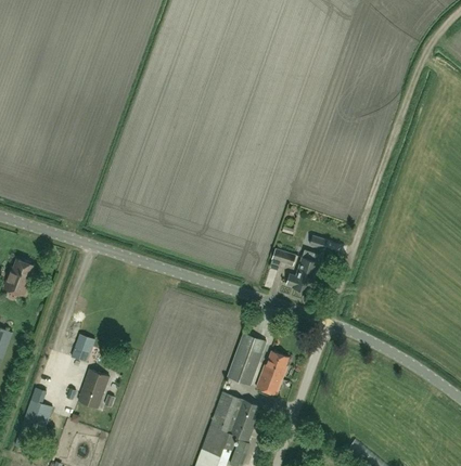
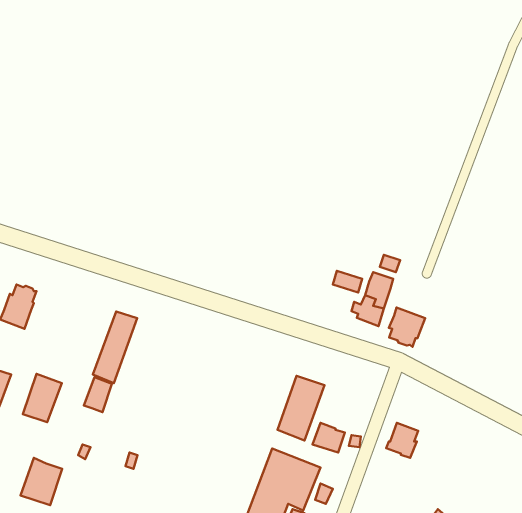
building: none -> [389,308,425,347]
building: none -> [93,312,137,383]
building: [261,351,287,379] -> [386,423,418,458]
building: [77,370,108,409] -> [23,374,62,422]

